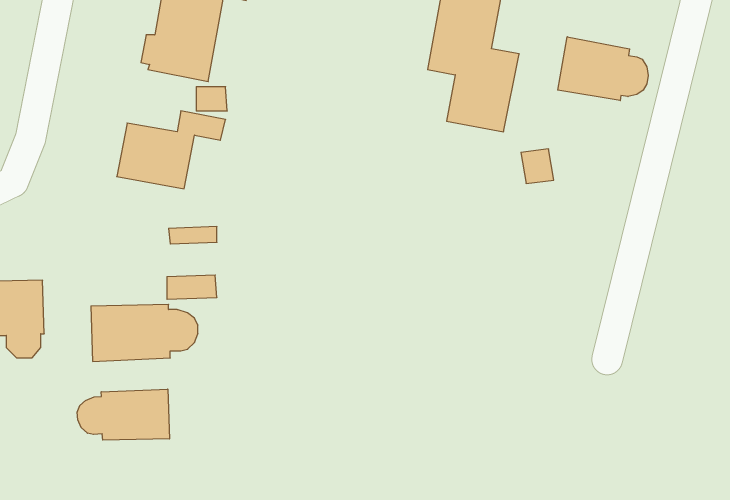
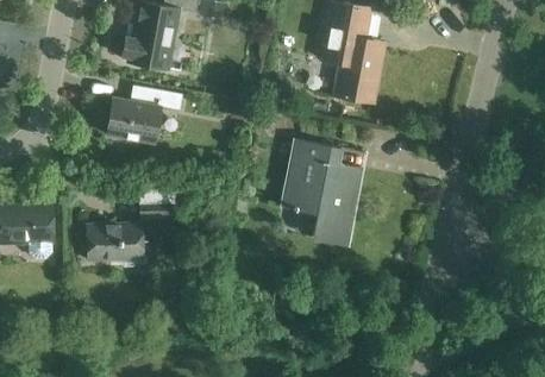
building: [558,37,648,101] -> none
building: none -> [281,140,363,247]
building: [77,389,169,440] -> none

